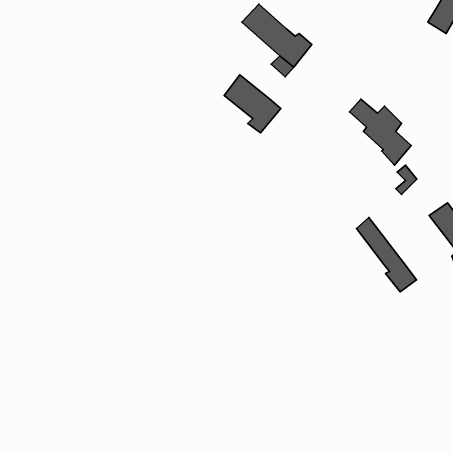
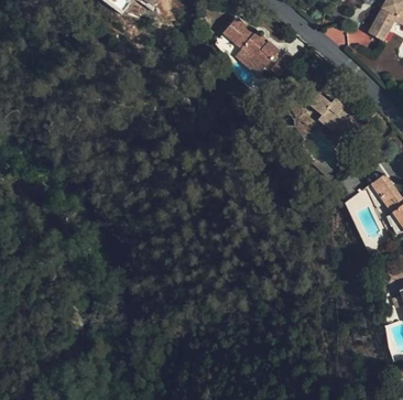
building: [224,75,281,133] -> none
building: [356,217,416,292] -> none

